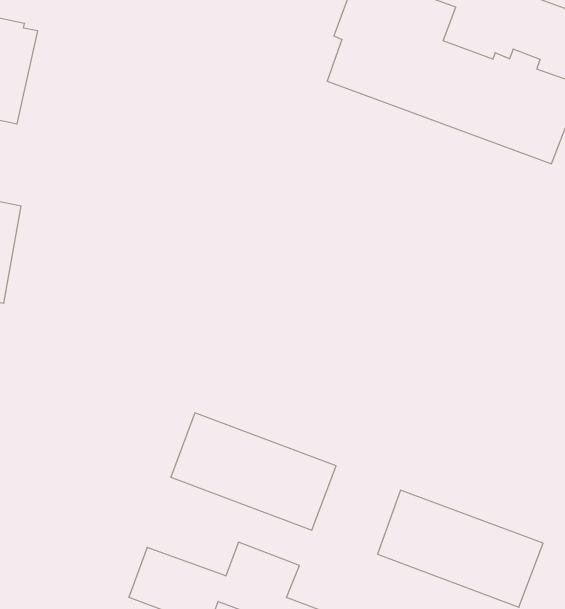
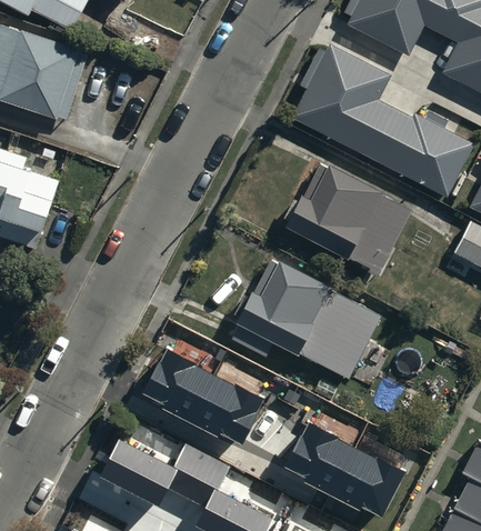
building: none -> [283,164,410,277]
building: none -> [230,260,381,379]

